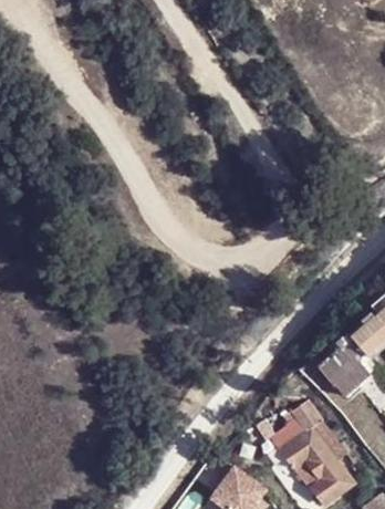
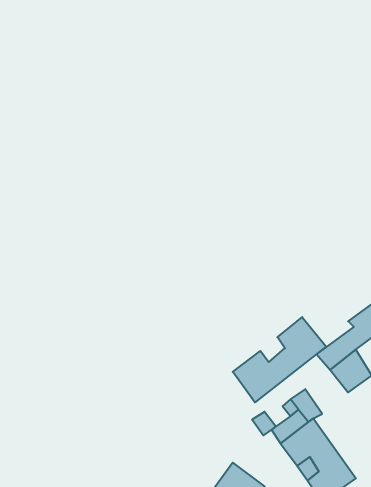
building: none -> [233,317,326,402]

